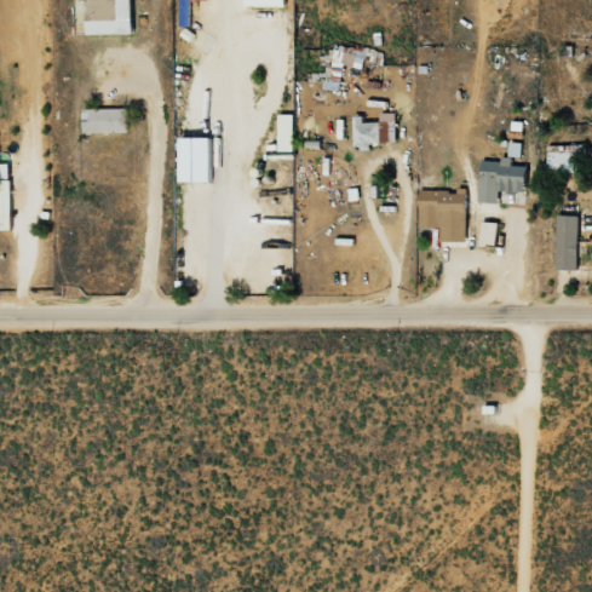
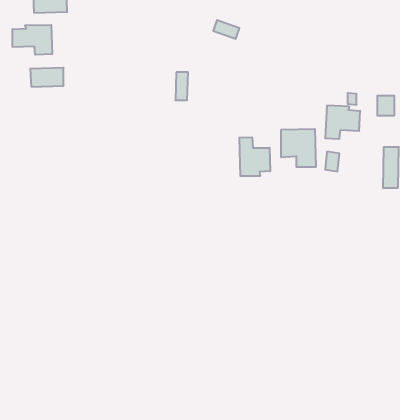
building: none -> [12,25,52,55]
building: [351,111,395,149] -> none
building: [179,137,211,182] -> none
building: none -> [239,137,270,176]

